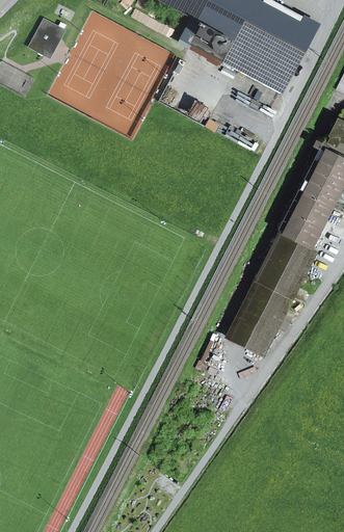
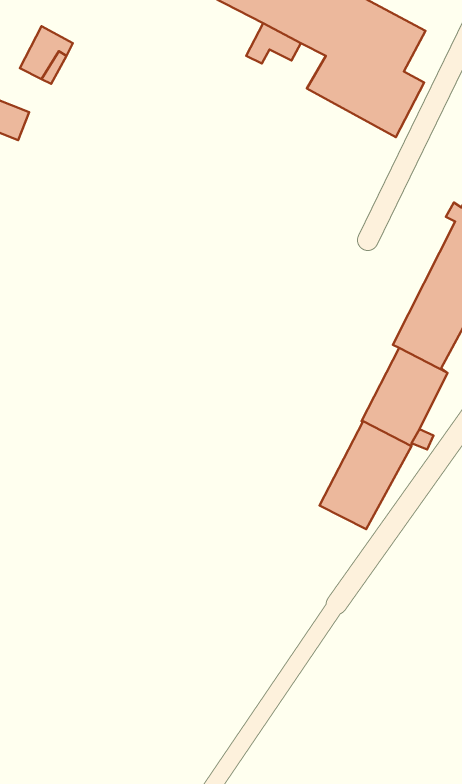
building: [286,21,315,55] -> none
building: [191,29,234,59] -> none

